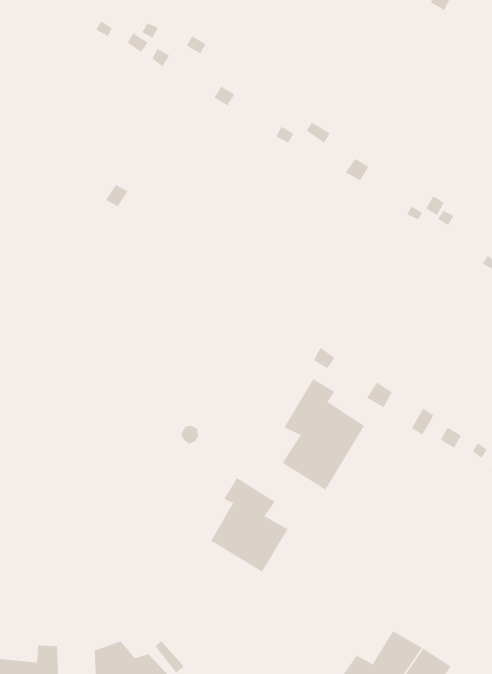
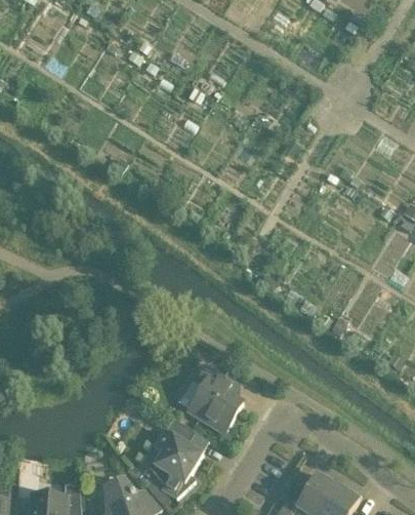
building: [282,378,365,490] -> none
building: none -> [148,420,202,499]

